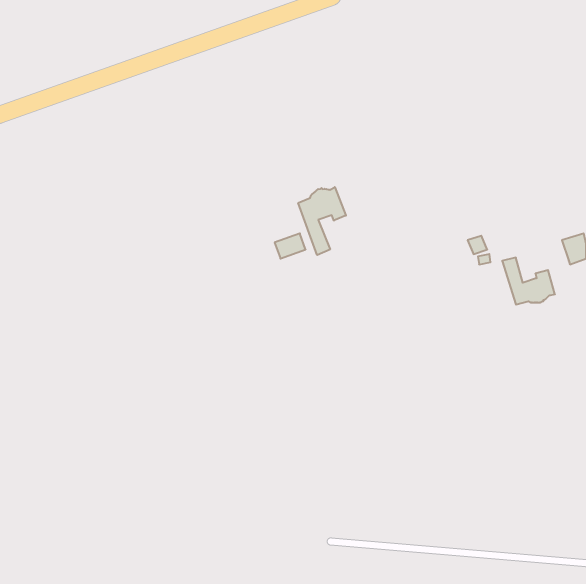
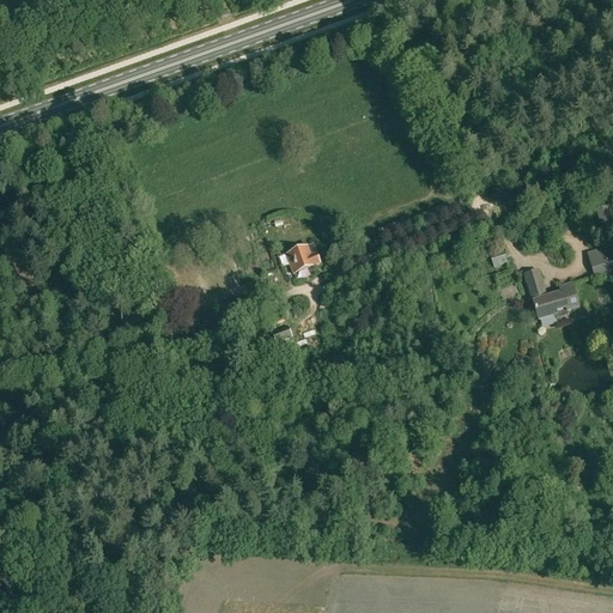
building: [298,187,346,255] -> none

